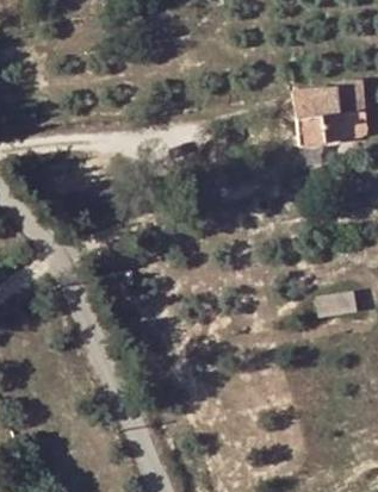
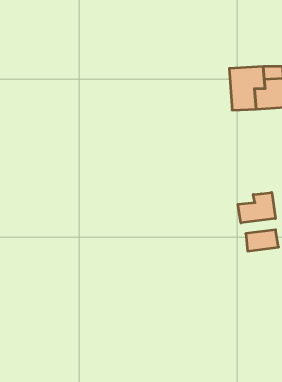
building: none -> [238,192,275,223]

